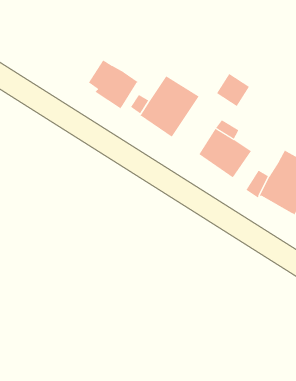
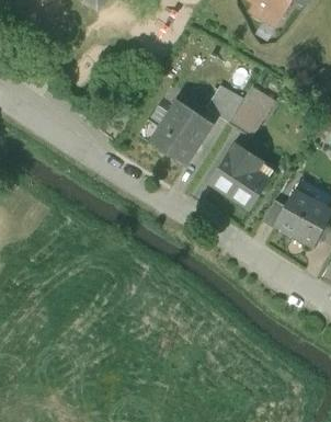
building: [88,59,138,109] -> none
building: none -> [206,85,244,124]

